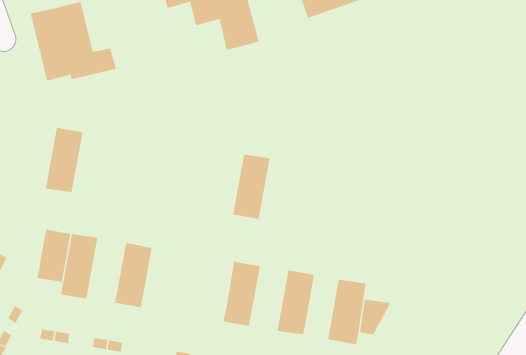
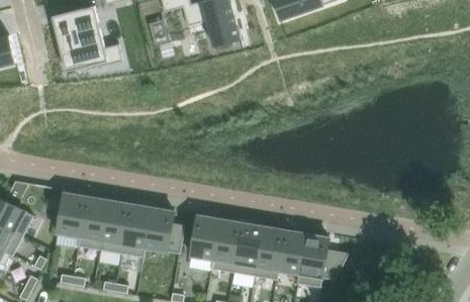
building: [45,127,83,192] -> [98,200,129,254]
building: [232,154,270,219] -> [231,223,263,277]
building: none -> [145,208,184,254]
building: none -> [190,215,218,260]
building: none -> [278,230,304,274]

